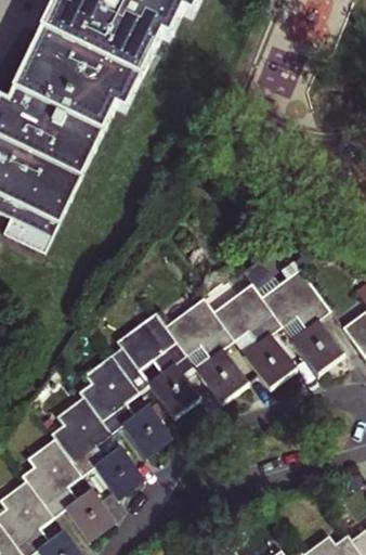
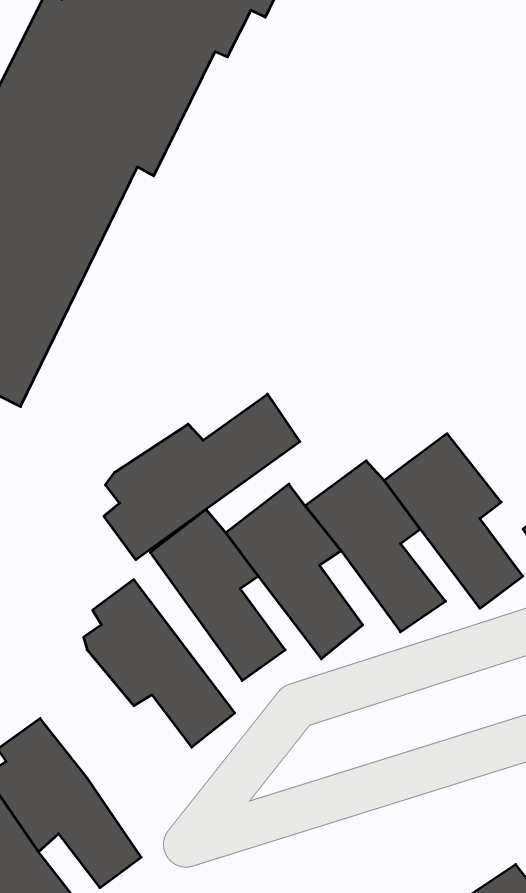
building: none -> [104,394,300,560]
building: [50,399,143,499] -> none

